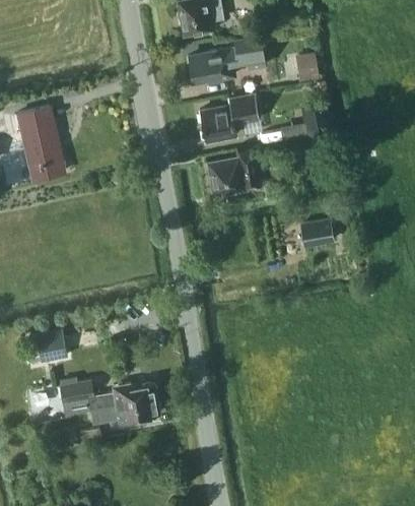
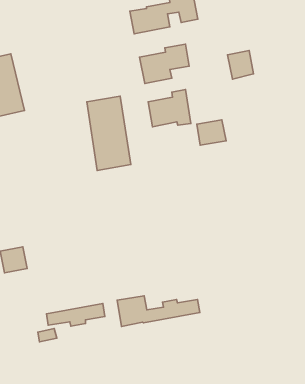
building: [295,53,319,82] -> none
building: none -> [87,96,131,170]
building: [300,218,335,248] -> [197,120,226,145]
building: [60,380,156,416] -> [117,296,200,326]

